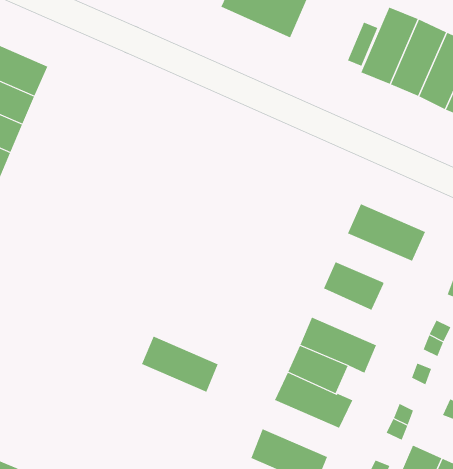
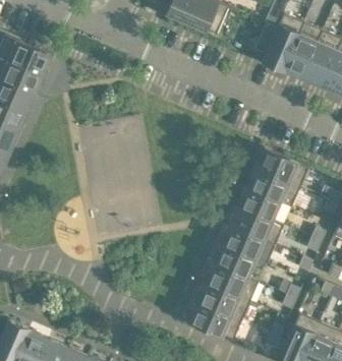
building: none -> [246,169,299,208]
building: none -> [230,206,283,245]
building: [141,336,219,393] -> [196,283,249,321]

